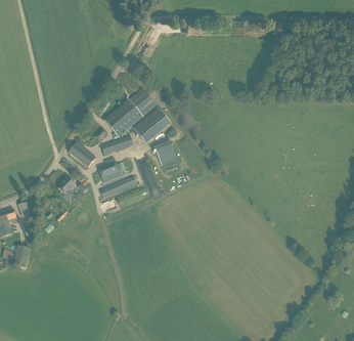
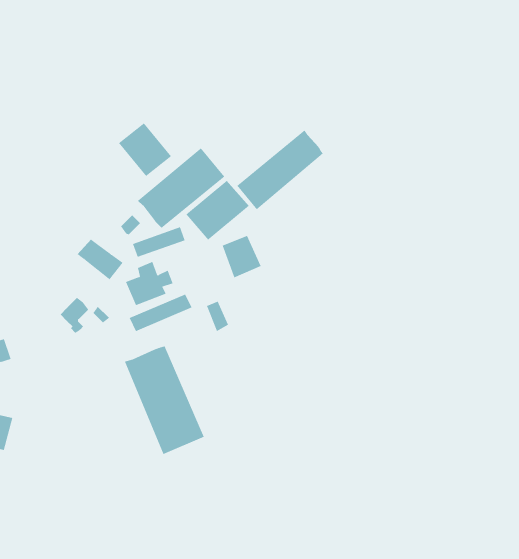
building: none -> [118,122,172,177]
building: none -> [236,129,324,210]
building: none -> [124,346,205,455]

